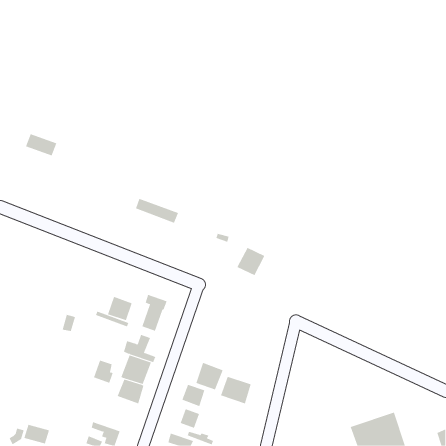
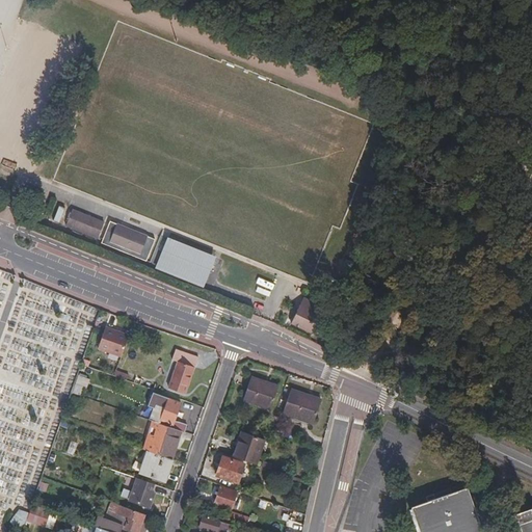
building: [25,133,57,156] -> [63,210,102,237]
building: none -> [100,221,153,259]
building: none -> [155,248,208,283]
building: [107,296,133,321] -> [98,325,128,354]
building: none -> [242,378,277,409]
building: [93,360,113,383] -> [130,478,154,506]
building: [220,376,251,404] -> [282,391,319,424]

